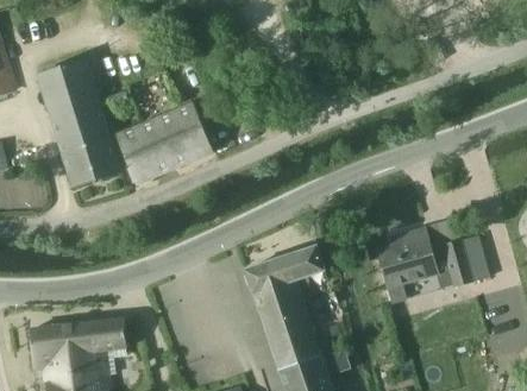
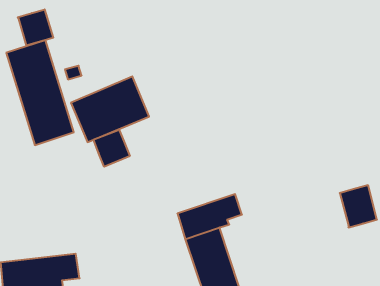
building: none -> [18,9,53,46]
building: none -> [94,129,130,167]
building: [376,228,453,288] -> none

